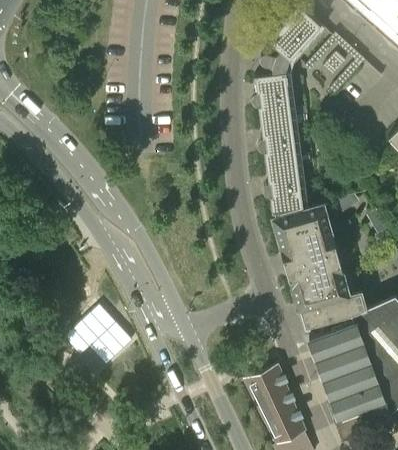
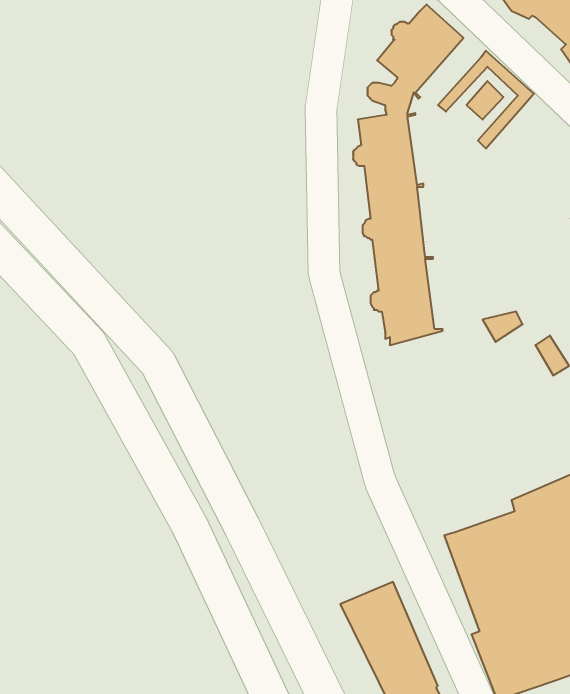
building: [274,205,368,329] -> none
building: [65,306,133,366] -> none

